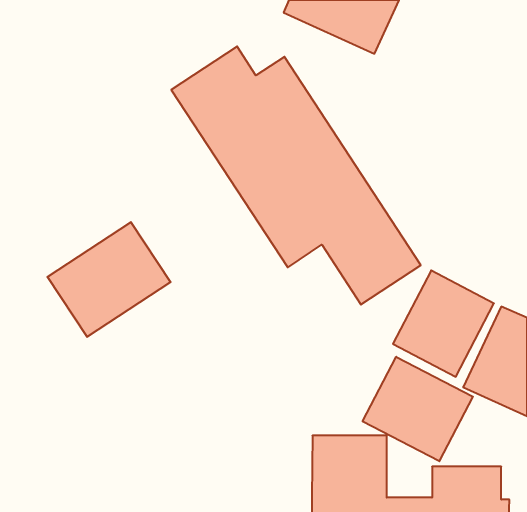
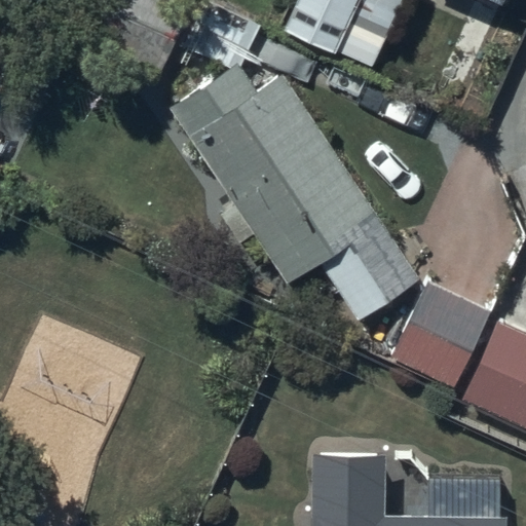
building: [47,222,171,337] -> none
building: [363,357,473,461] -> none

